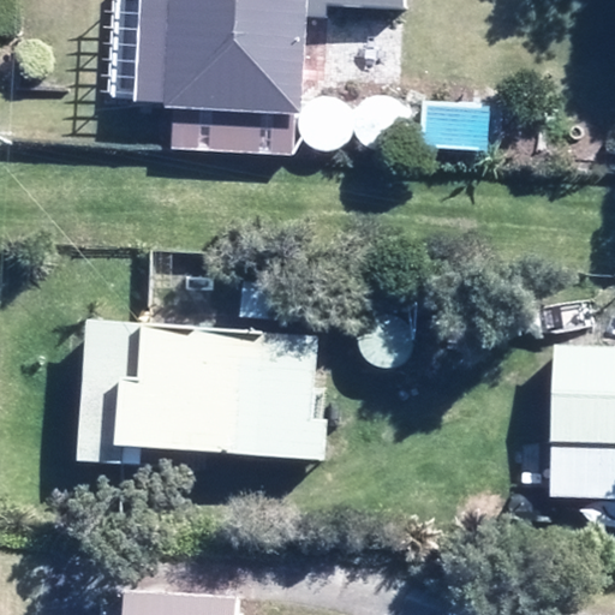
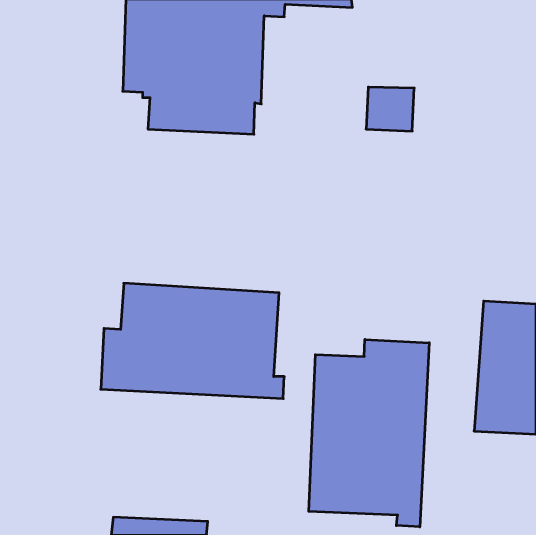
building: none -> [309,339,429,527]

